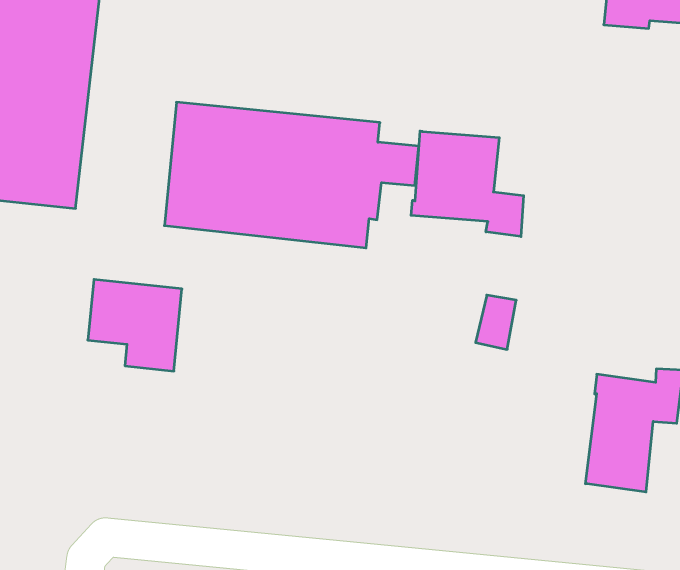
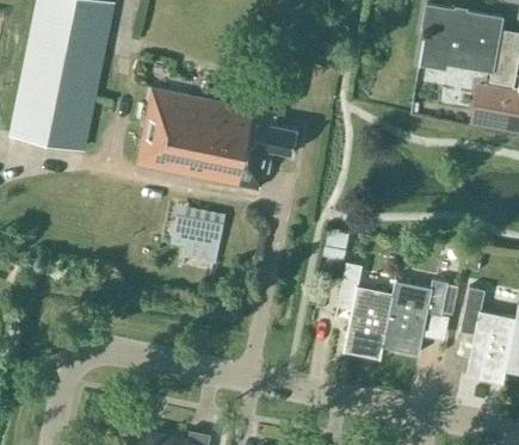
building: [411,131,524,237] -> none
building: [88,279,182,371] -> [163,204,224,265]
building: none -> [338,262,394,359]

